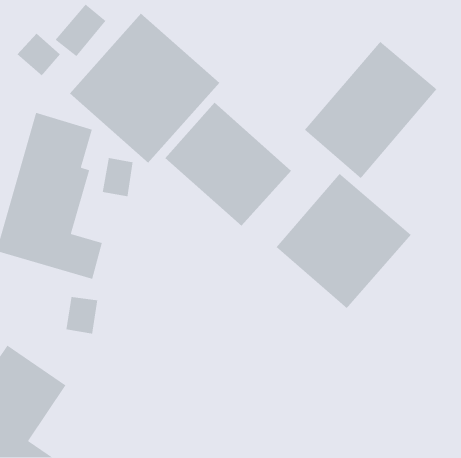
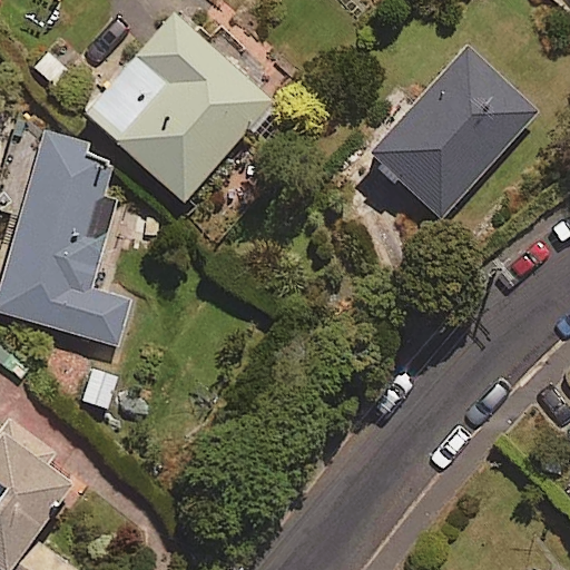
building: [164,102,292,227] -> none
building: [276,173,412,309] -> none

